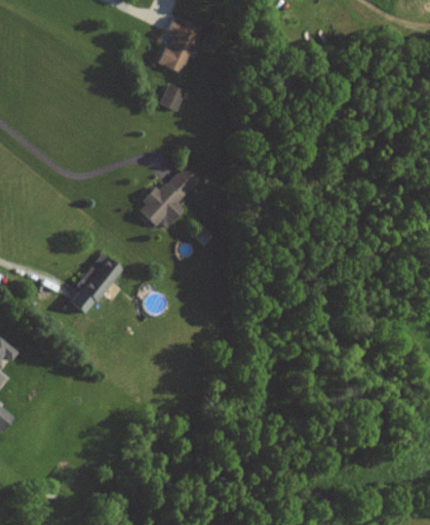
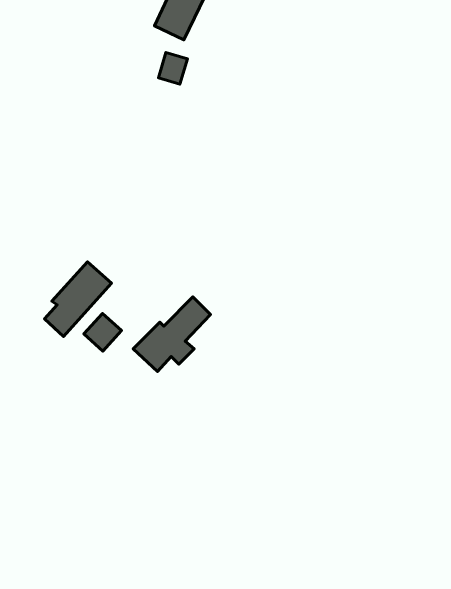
building: [134,167,197,228] -> [133,297,211,372]
building: none -> [84,313,121,351]

